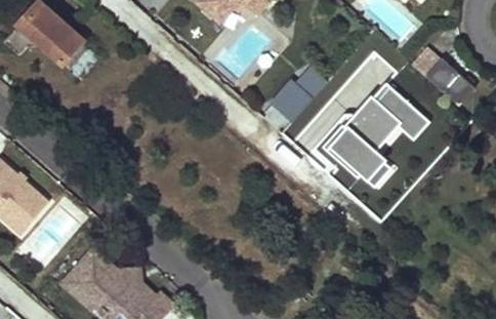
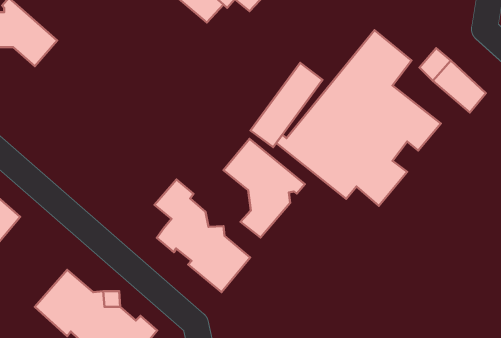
building: none -> [223,139,305,237]
building: none -> [155,180,250,292]

